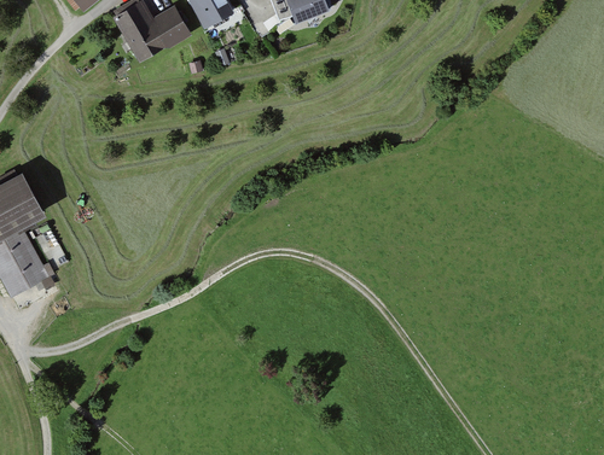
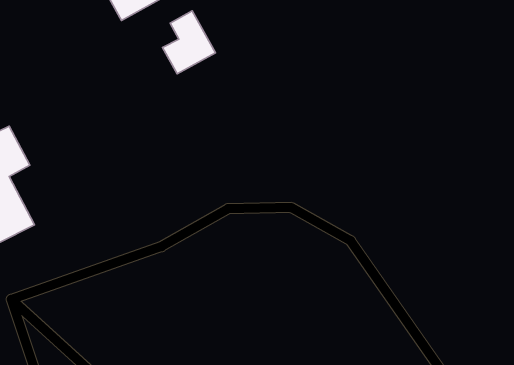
building: none -> [162,11,216,74]

